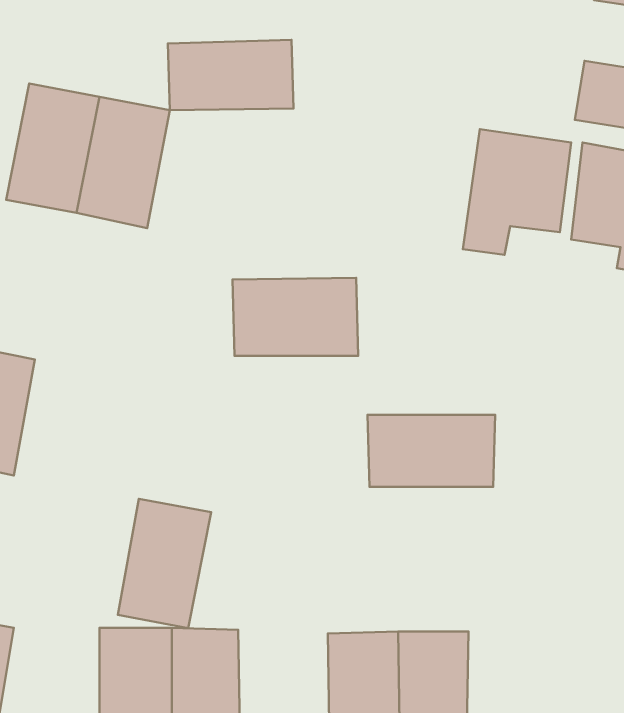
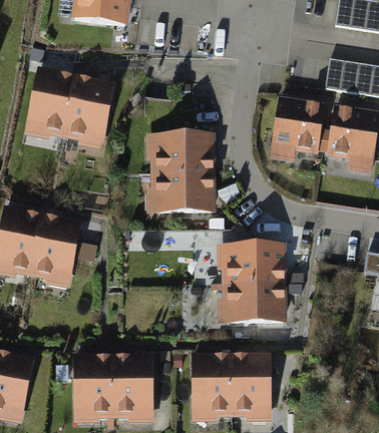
building: [168,40,293,110] -> [145,135,212,172]
building: none -> [219,282,285,323]
building: [118,499,211,628] -> [31,214,80,283]

